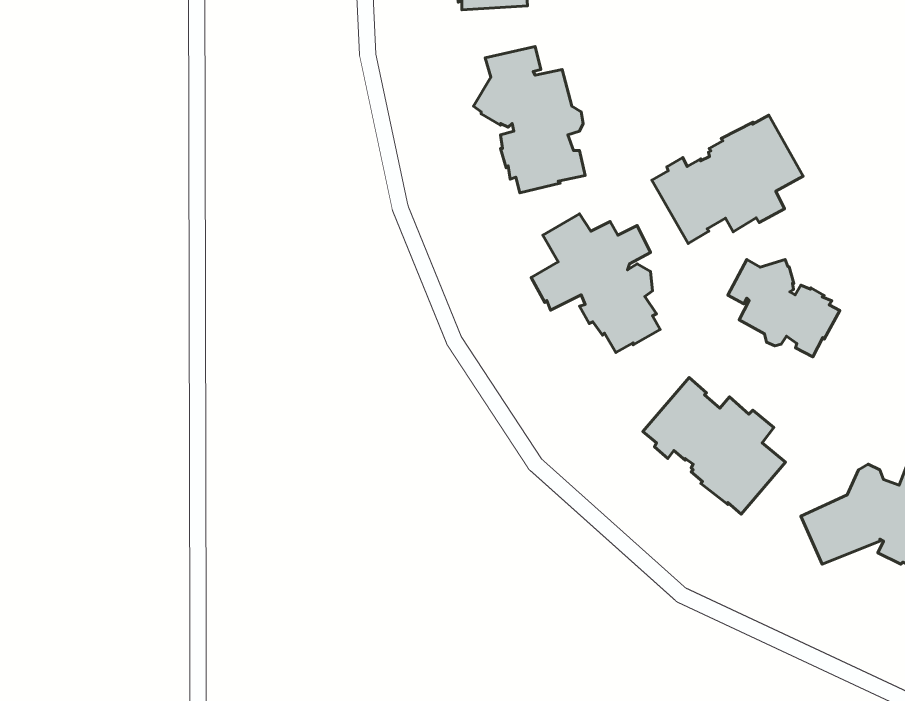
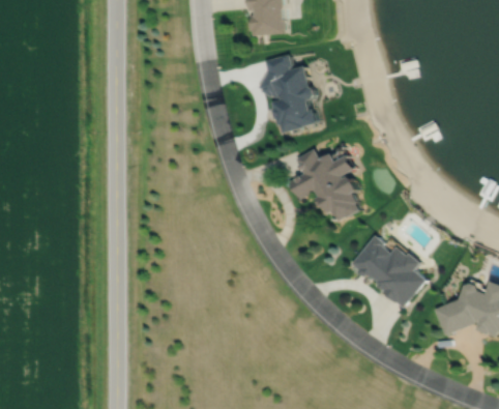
building: [652,115,803,243] -> none
building: [728,259,840,357] -> none

